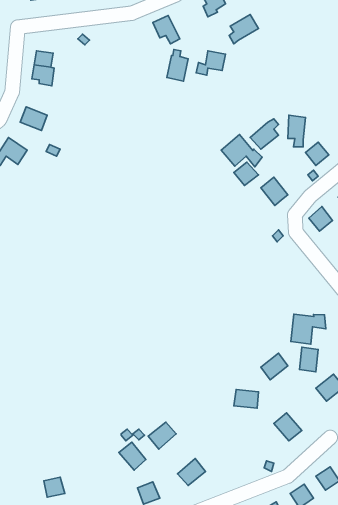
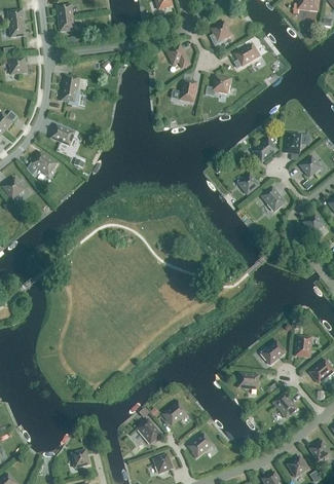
building: [221,134,262,167] -> none
building: [291,314,326,344] -> none

